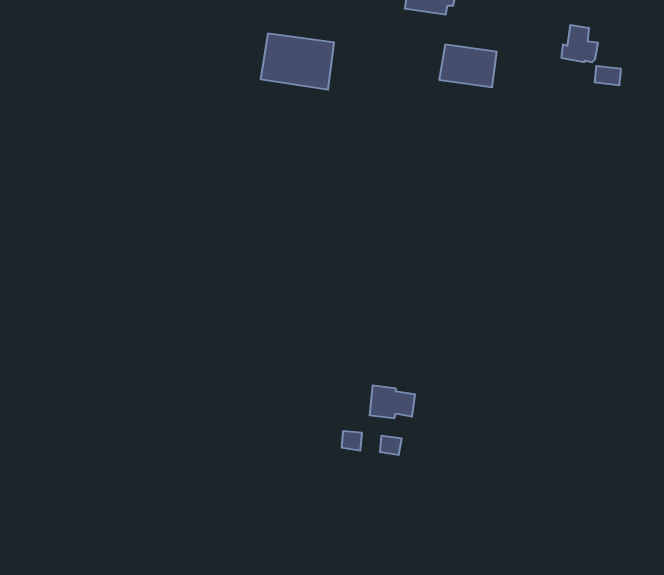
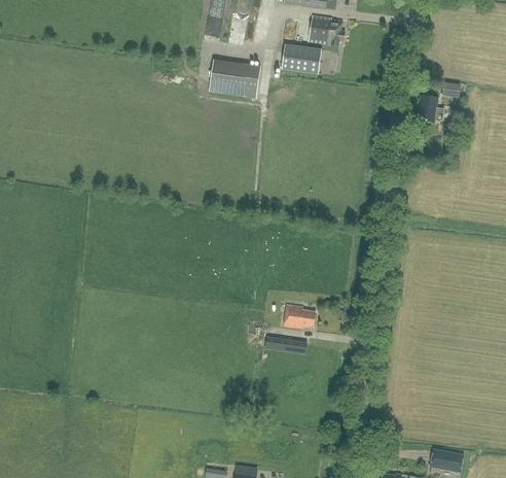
building: [561,25,598,62] -> [418,95,443,121]
building: [439,45,497,87] -> [280,42,320,72]

